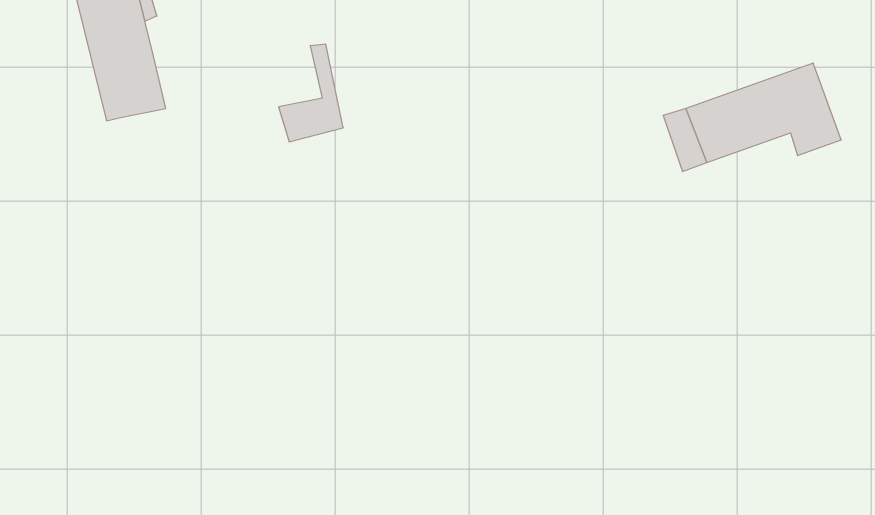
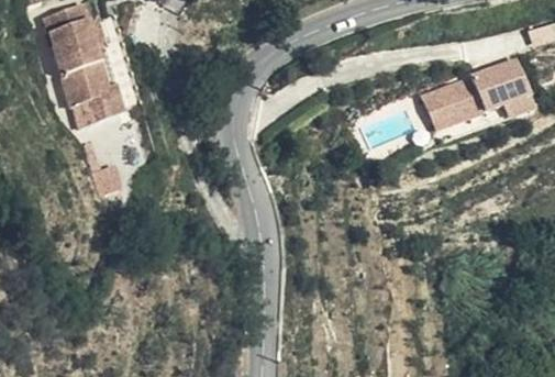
building: [279,44,343,142] -> [79,57,120,119]

